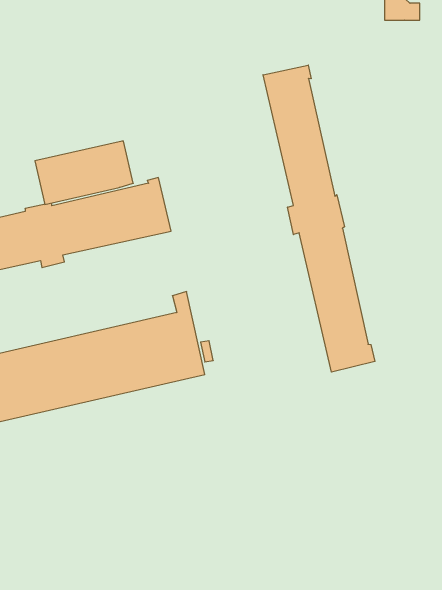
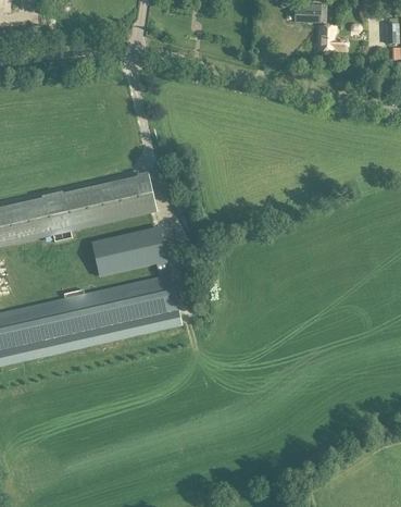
building: [263,65,375,372] -> none
building: [35,141,133,204] -> [89,226,165,275]

